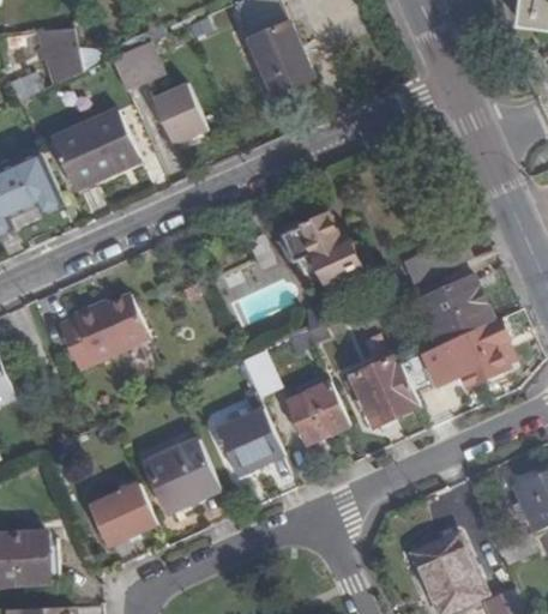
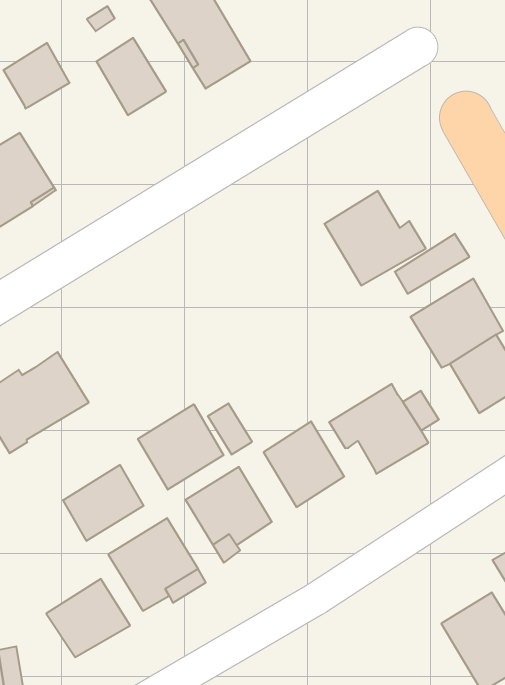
building: [150,80,204,143] -> [96,38,166,115]
building: [281,212,361,288] -> [324,191,426,285]
building: none -> [138,404,224,490]
building: none -> [63,465,144,541]

